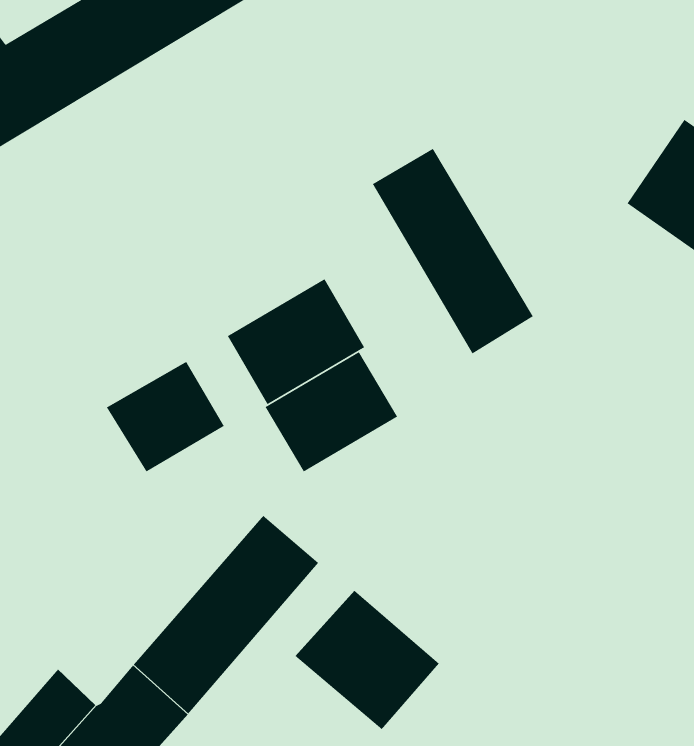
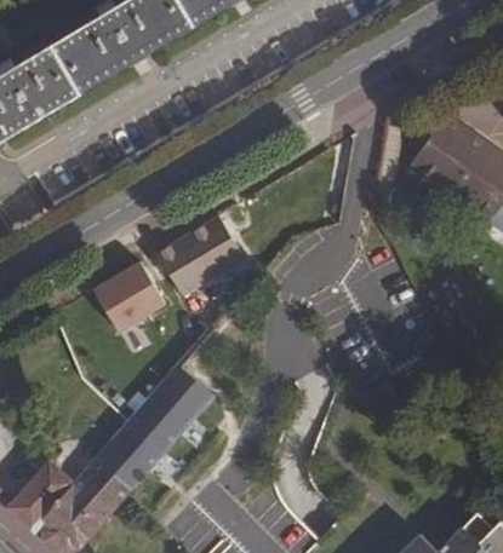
building: [372,148,534,354] -> none
building: [265,351,398,473] -> none
building: [294,590,440,730] -> none

